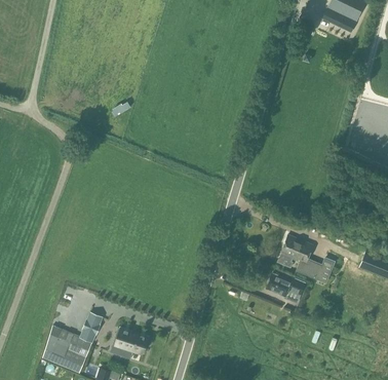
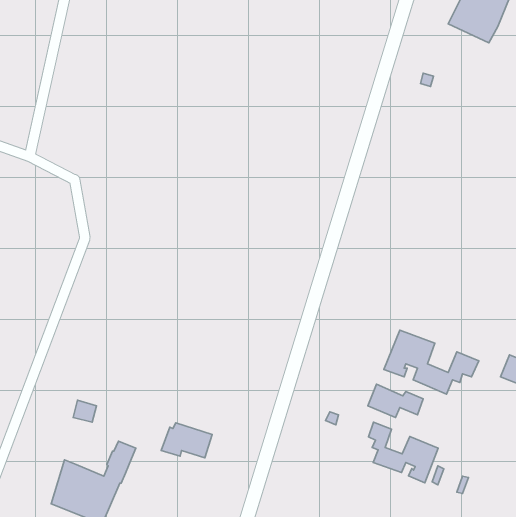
building: none -> [369,422,438,483]
building: [111,330,147,354] -> [161,423,212,458]

